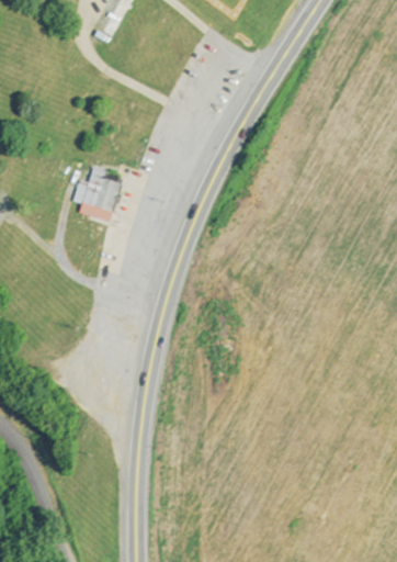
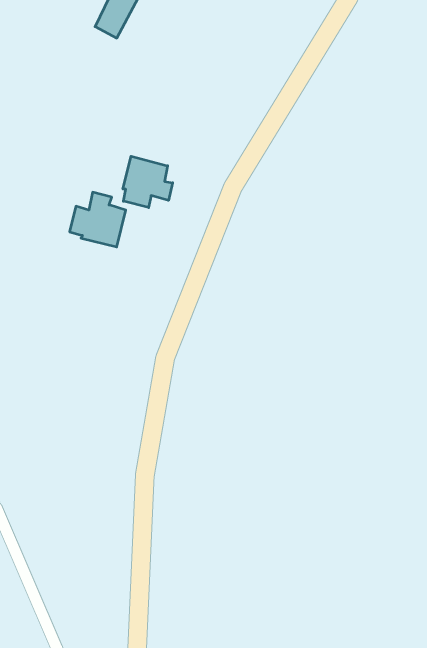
building: none -> [123,156,173,208]

